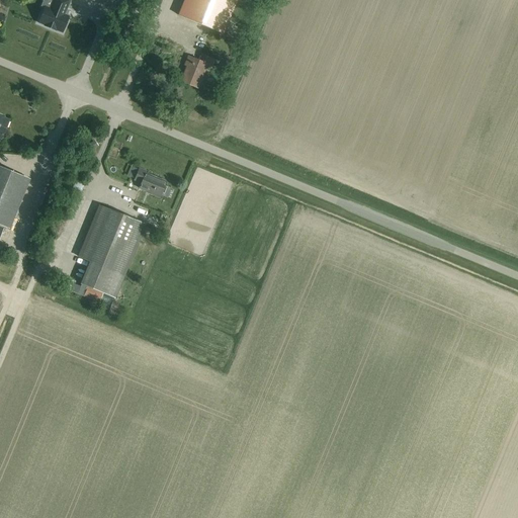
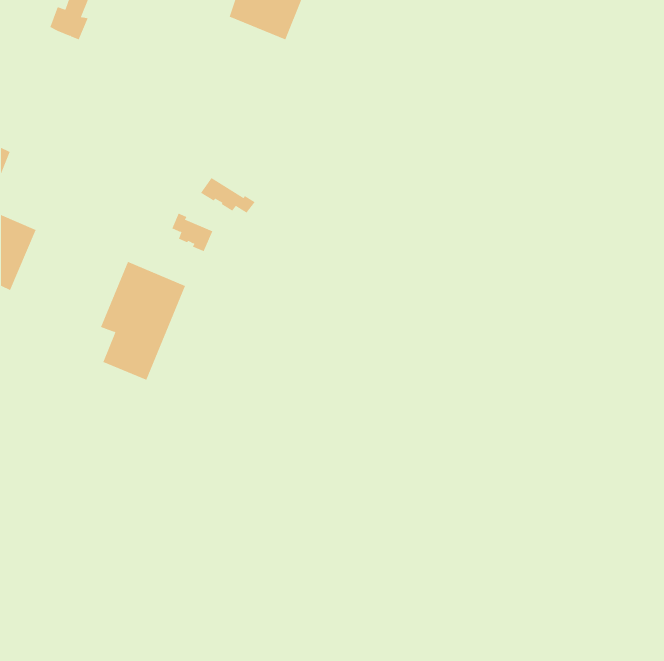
building: [180,53,214,86] -> none
building: none -> [200,177,255,213]

